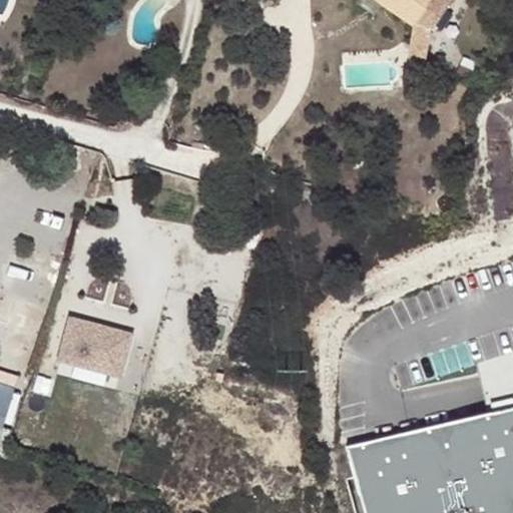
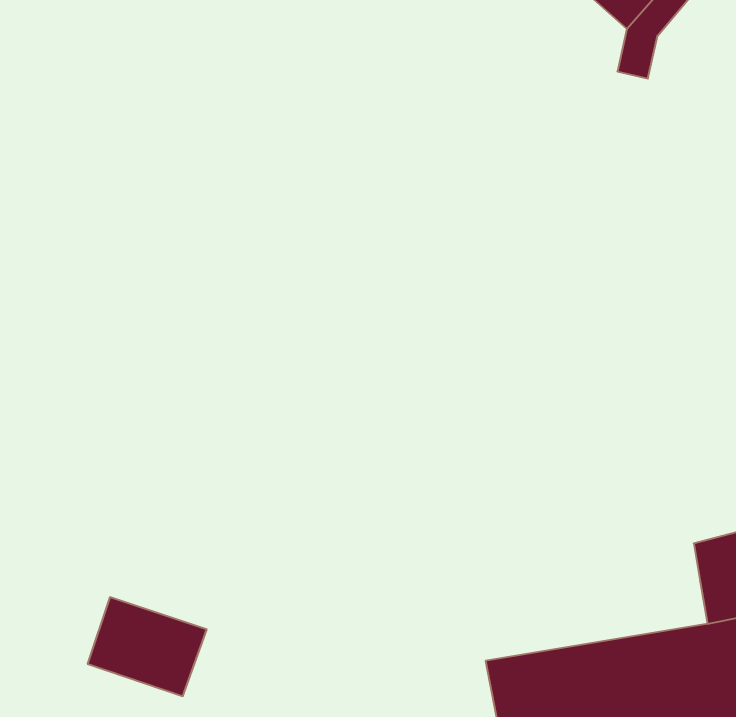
building: [61,321,136,381] -> [88,597,207,696]

